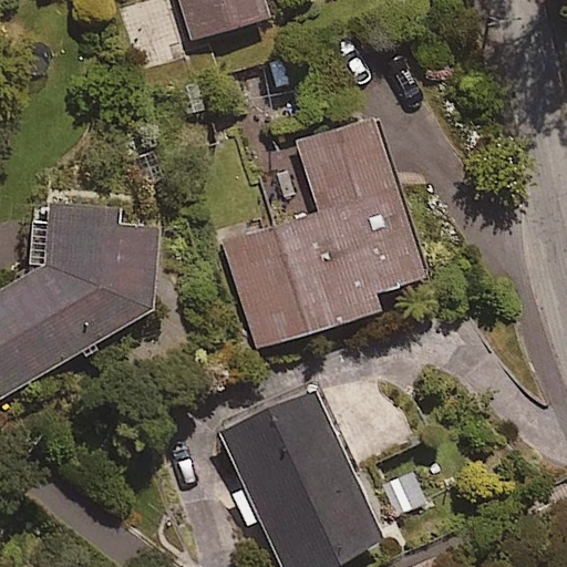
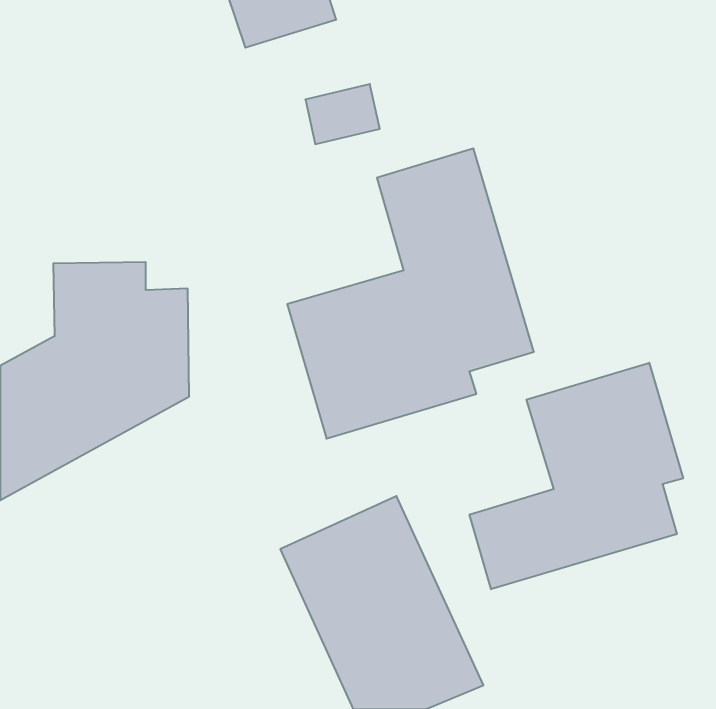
building: none -> [470,363,683,589]

